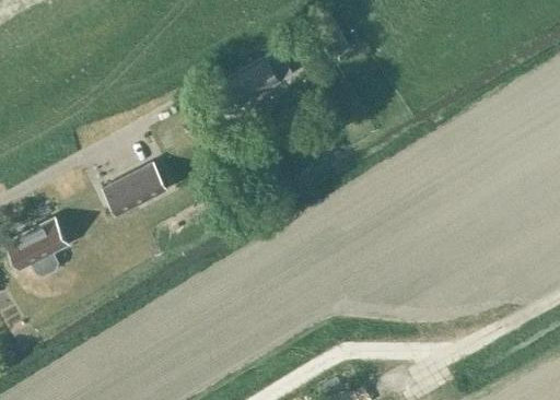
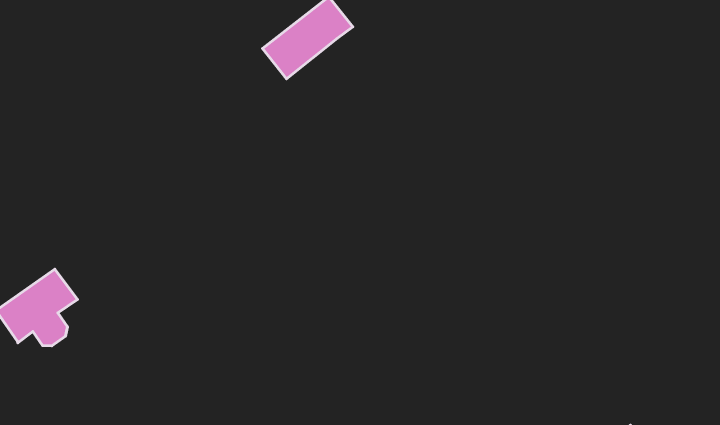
building: [100,162,166,216] -> none

